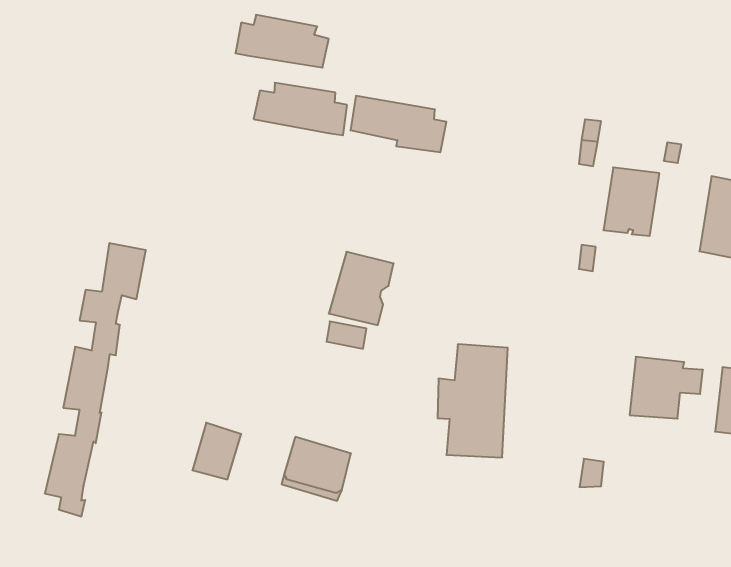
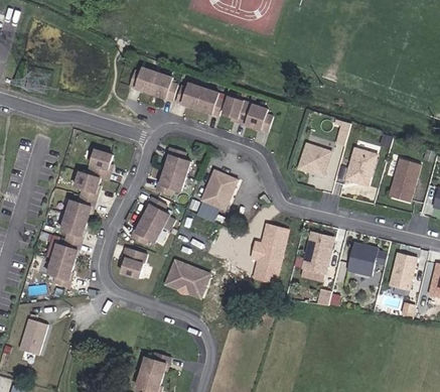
building: [235,15,329,68] -> [129,63,177,95]
building: none -> [299,140,332,174]
building: none -> [165,149,189,197]
building: none -> [137,201,173,246]
building: none -> [301,235,331,274]

